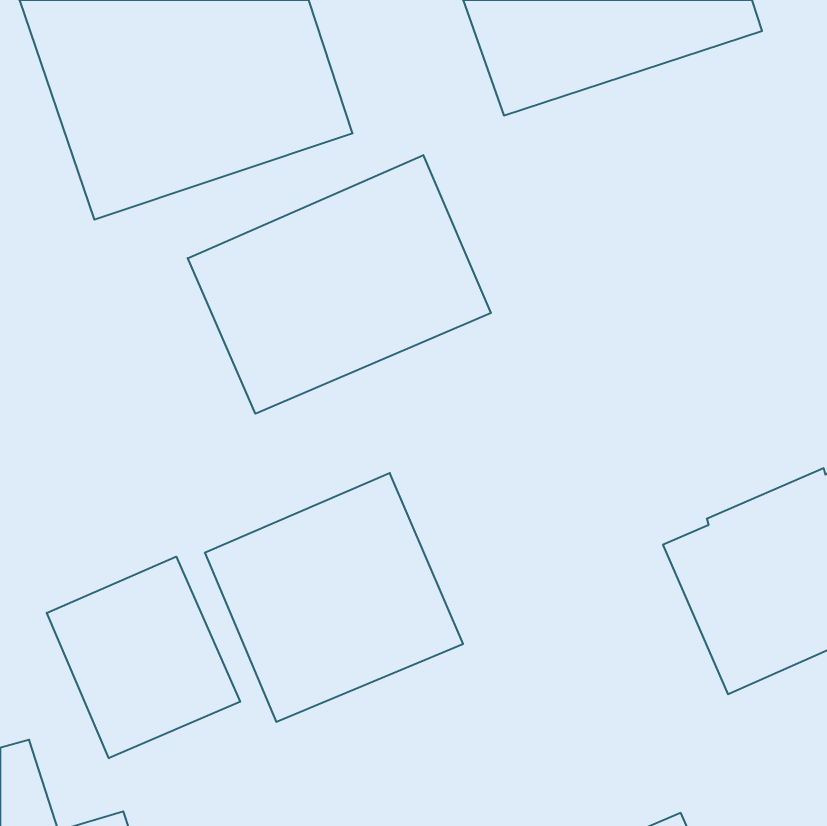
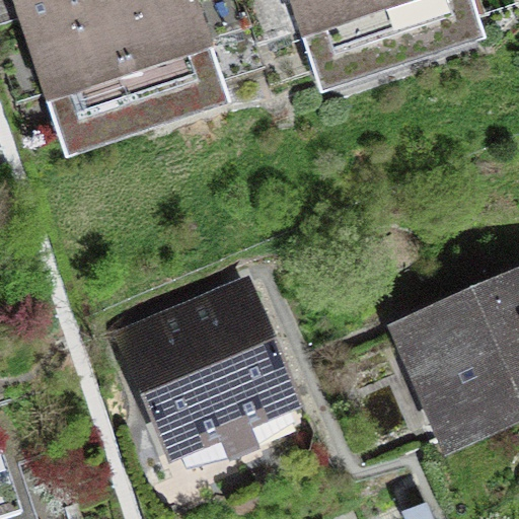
building: [188,155,491,414] -> none
building: [47,557,240,758] -> none

